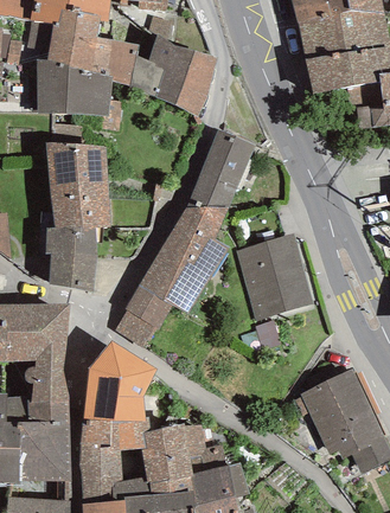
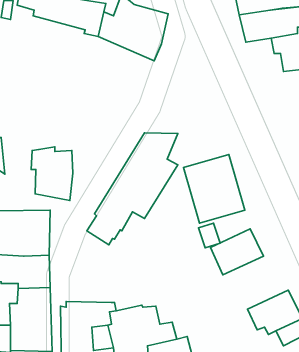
building: [36,59,113,116] -> none
building: [187,128,255,207] -> none
building: [46,142,110,230] -> none
building: [83,340,158,419] -> none
building: [301,370,367,428] -> [211,229,264,275]

